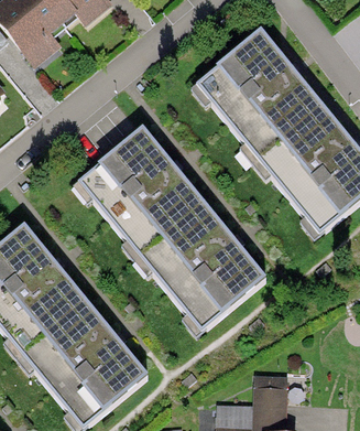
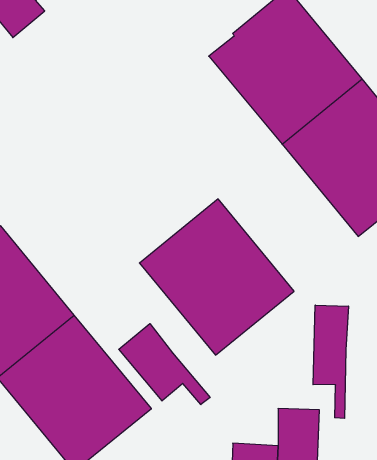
building: [78,127,204,255] -> none
building: none -> [313,305,348,418]
building: none -> [119,324,210,405]

